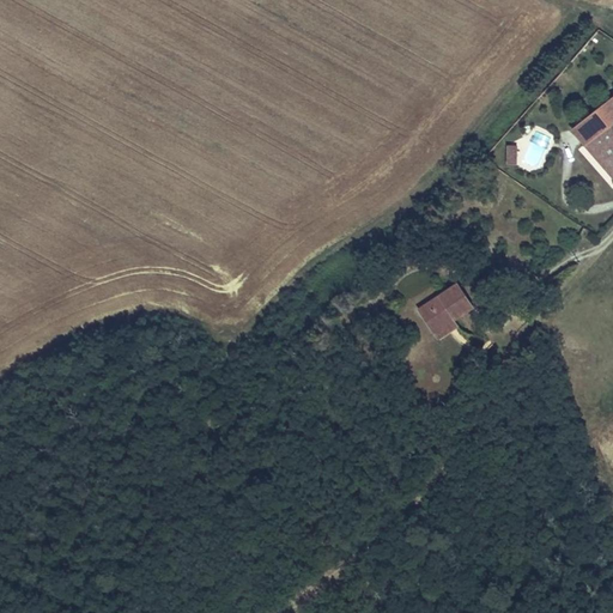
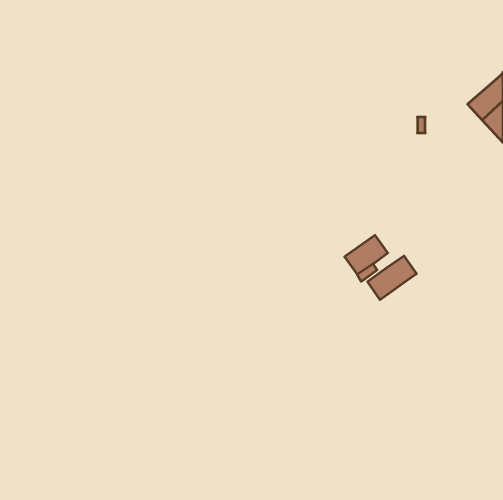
building: none -> [368,256,416,300]

